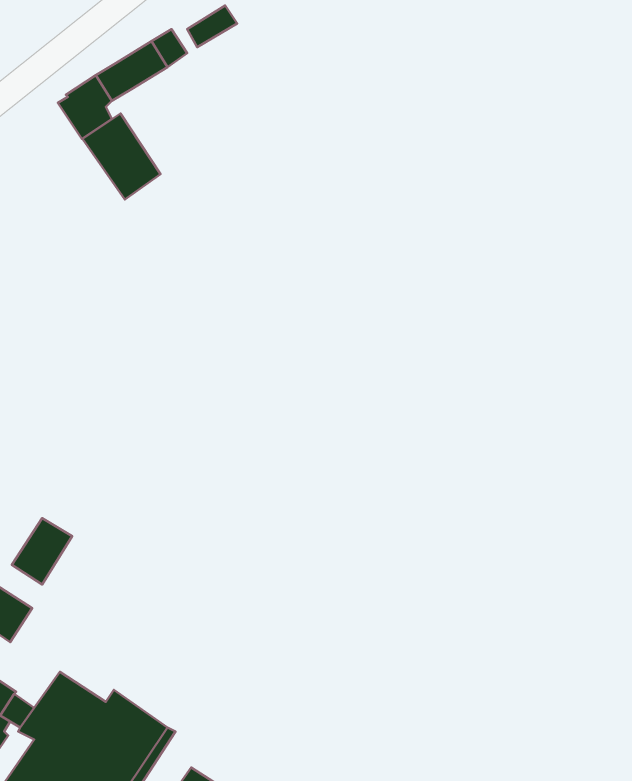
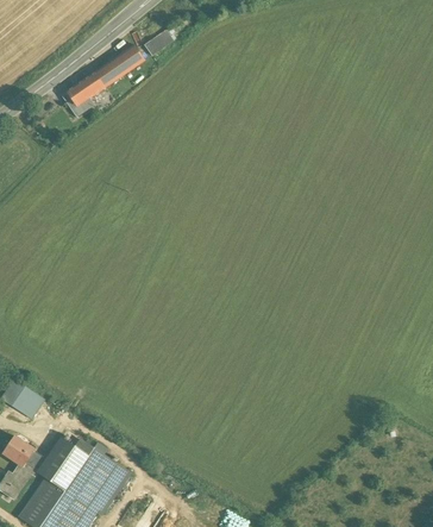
building: [82,113,161,200] -> none
building: [12,518,72,584] -> none

